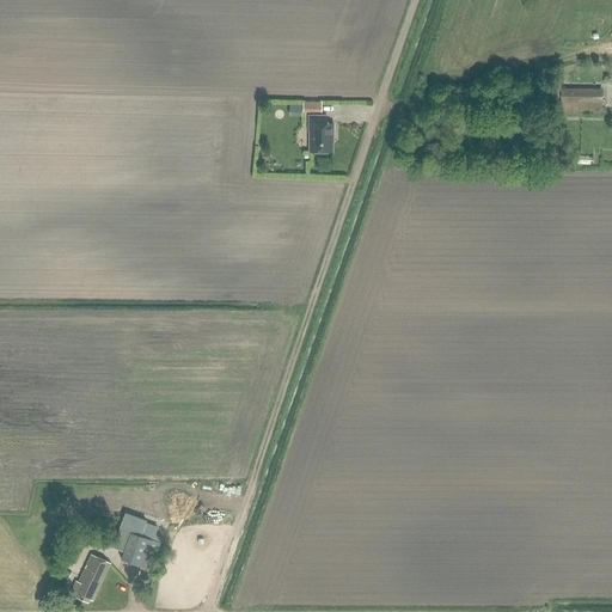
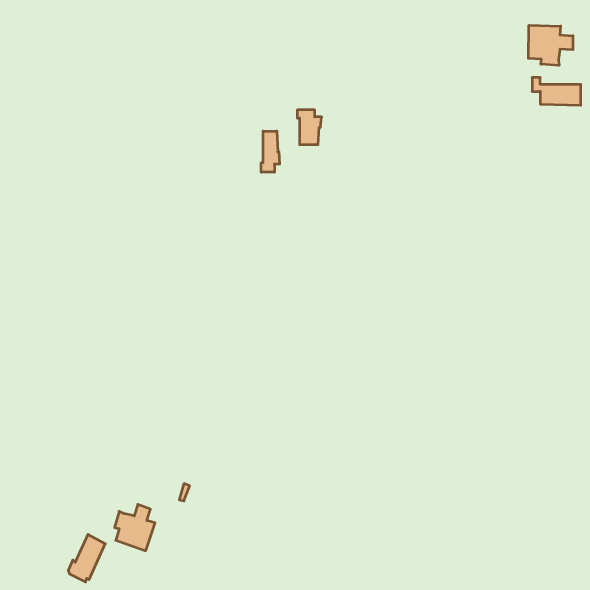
building: none -> [528,25,573,65]
building: none -> [261,131,280,172]

